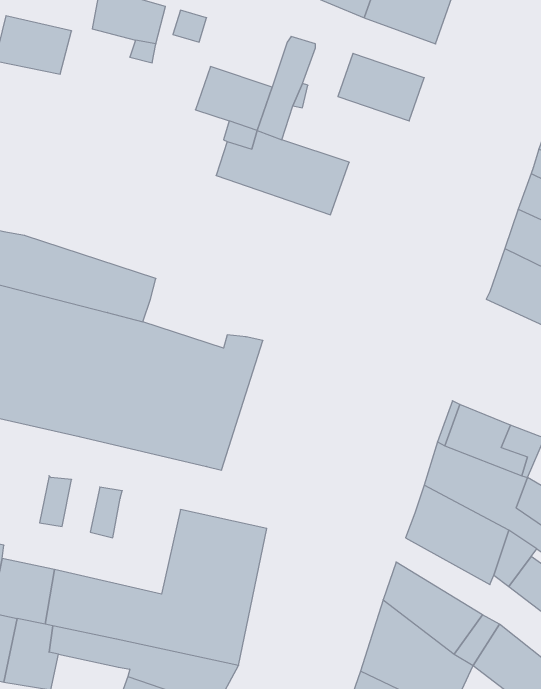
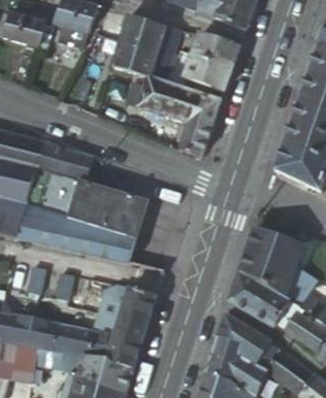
building: none -> [121,16,163,53]
building: none -> [184,58,230,91]
building: none -> [177,94,220,157]

